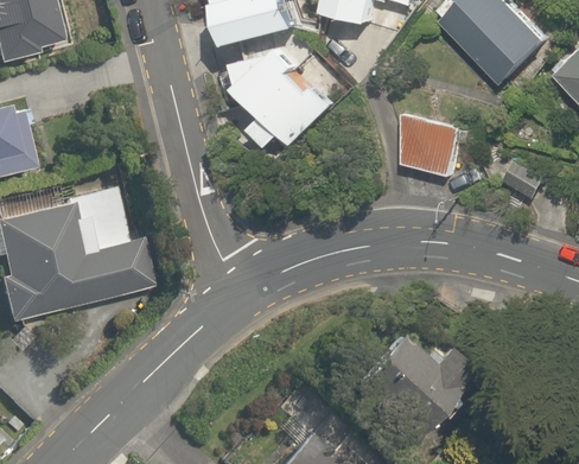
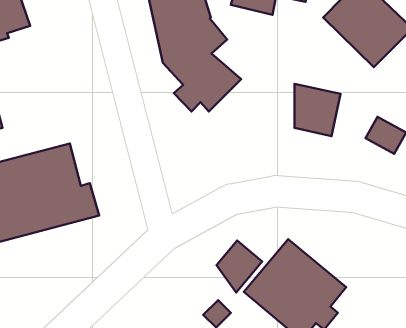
building: none -> [217,241,262,292]

